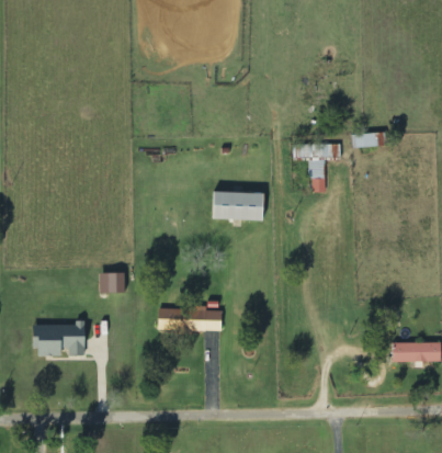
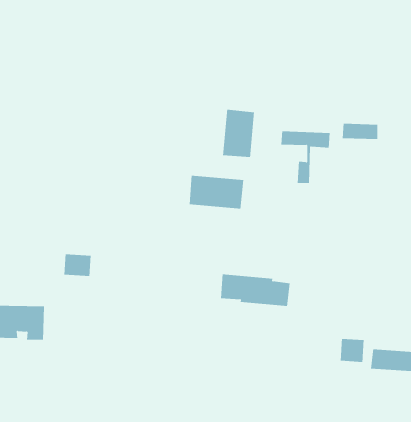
building: none -> [223,109,255,158]
building: [158,306,223,332] -> [220,274,290,306]
building: none -> [340,338,364,363]

